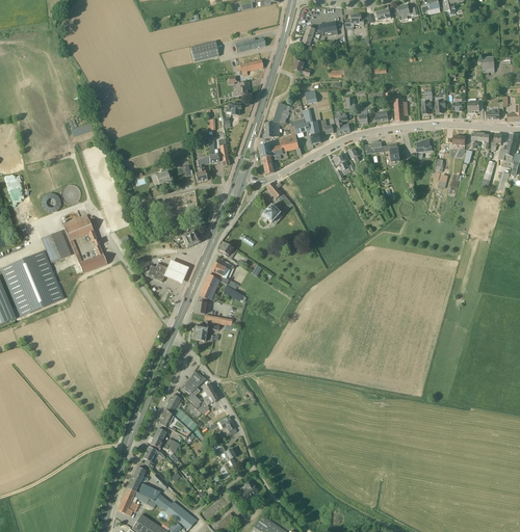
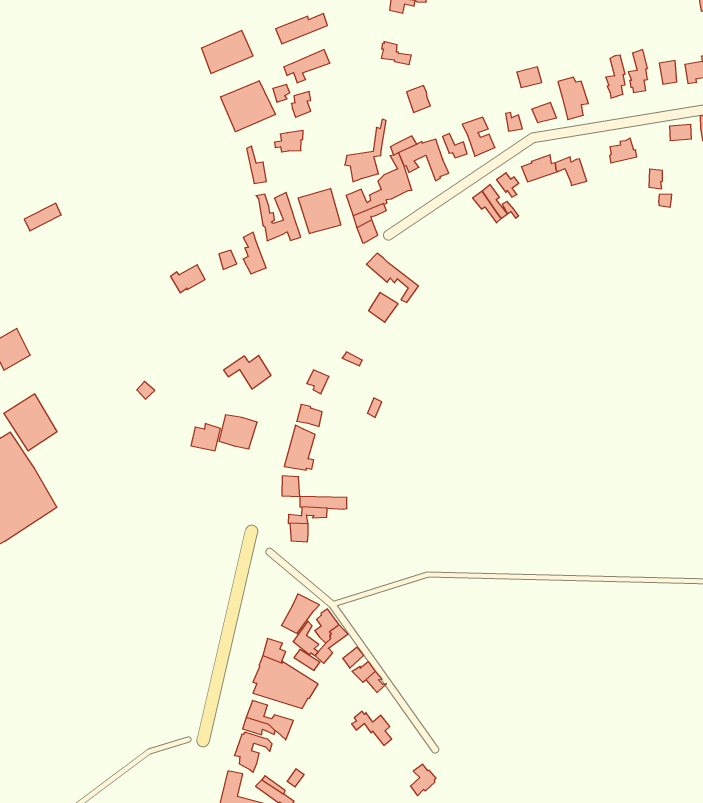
building: none -> [221,81,275,132]
building: none -> [298,188,341,234]
building: [63,214,107,273] -> none

